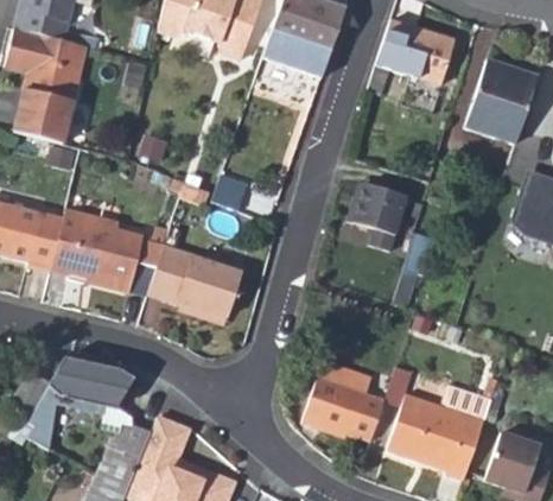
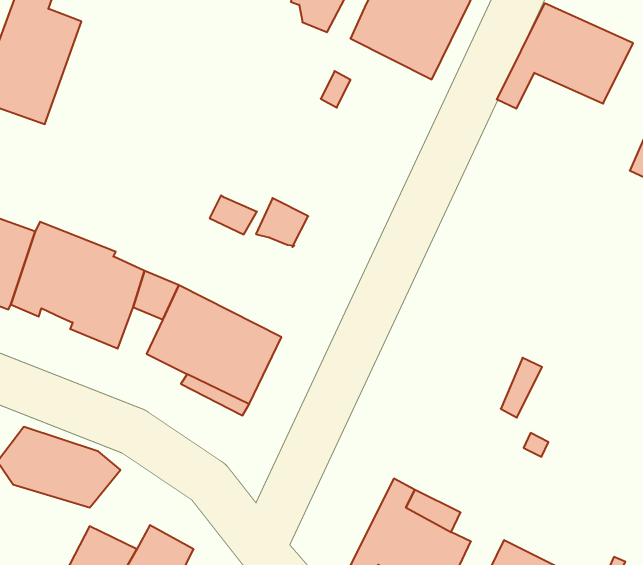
building: [355,182,409,249] -> none

